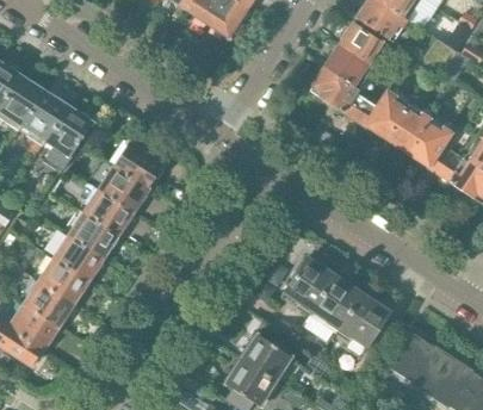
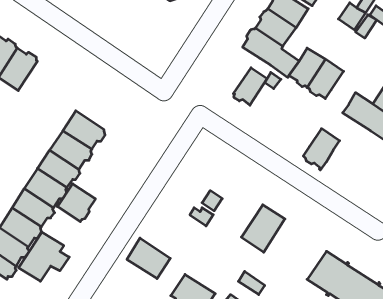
building: [45,107,92,168] -> none
building: none -> [233,68,267,105]
building: [408,119,451,168] -> [303,129,340,170]
building: [113,143,162,188] -> none
building: none -> [57,184,95,222]
building: [281,259,334,315] -> none
building: [335,293,388,350] -> none
building: none -> [19,232,69,281]
building: [242,334,293,381] -> [127,238,170,279]

